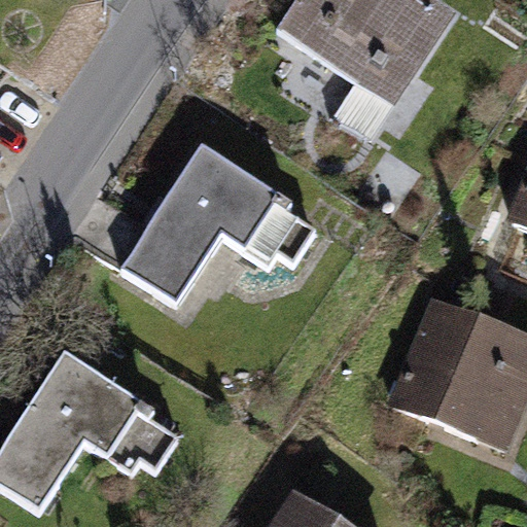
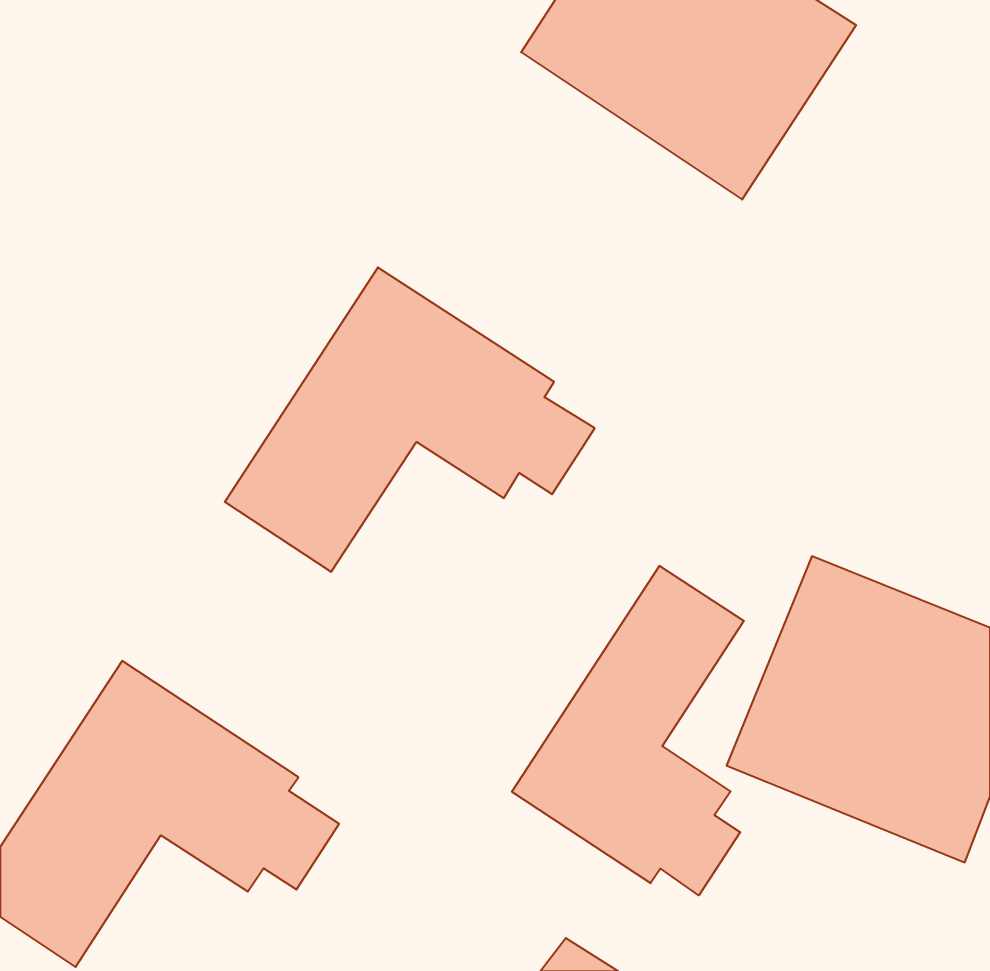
building: none -> [512,566,744,895]

